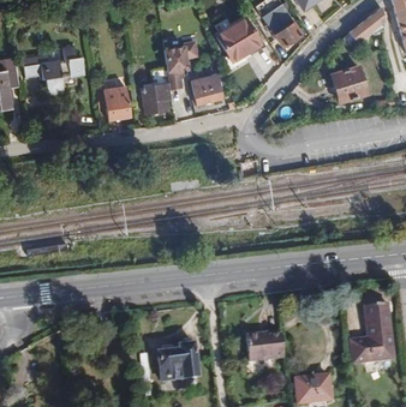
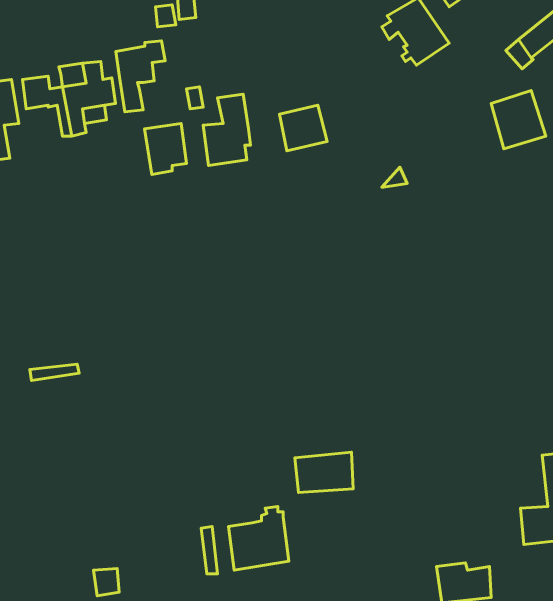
building: [216,17,262,60] -> none
building: [166,42,198,89] -> [116,41,165,112]
building: [247,333,286,359] -> [295,452,353,492]

